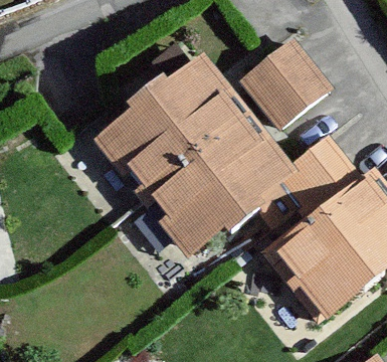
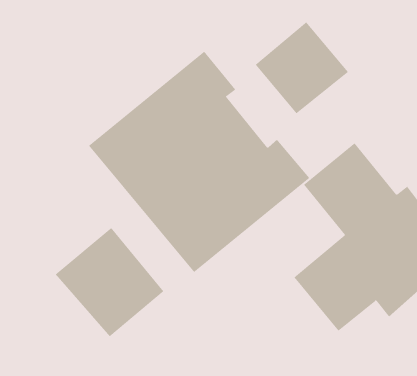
building: none -> [55,227,164,337]

